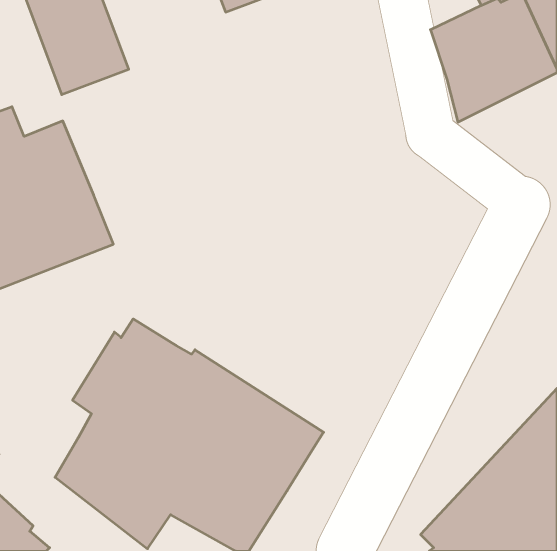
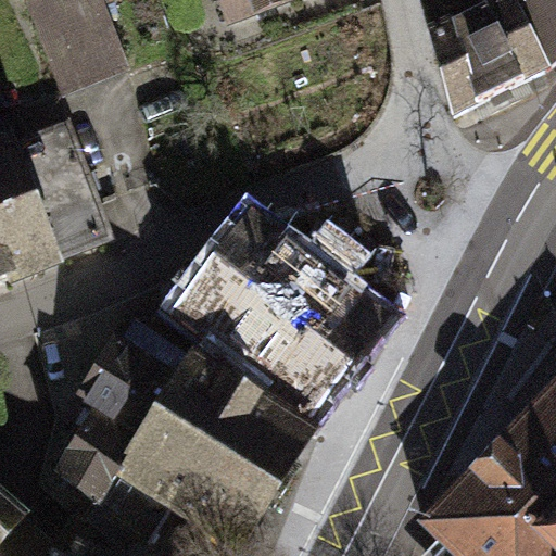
building: none -> [167,204,384,413]

